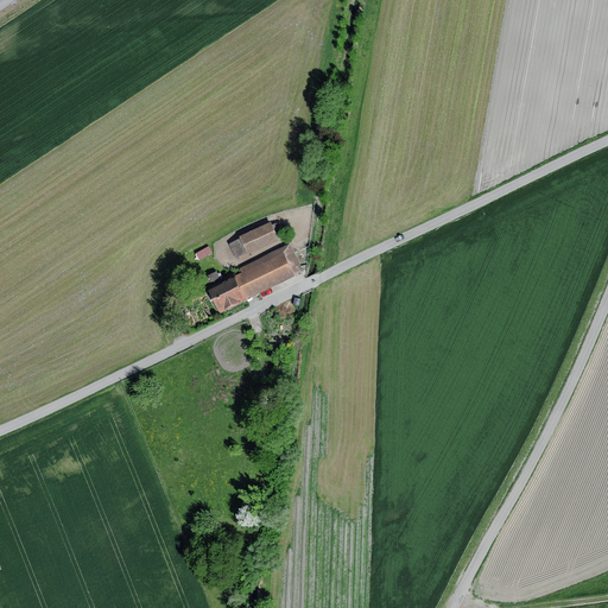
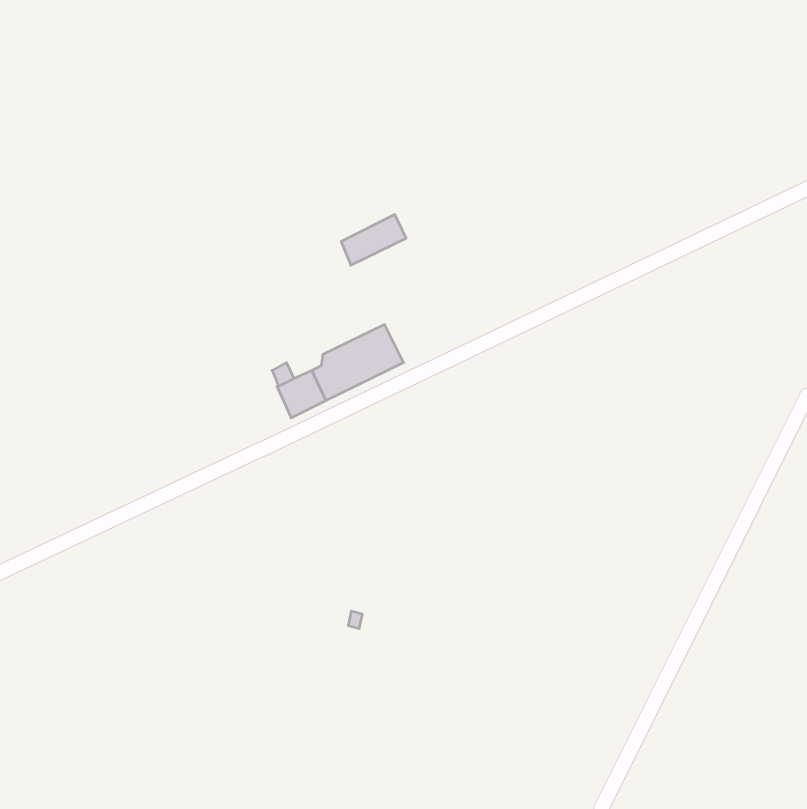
building: [228,222,277,260] -> [341,215,406,265]

